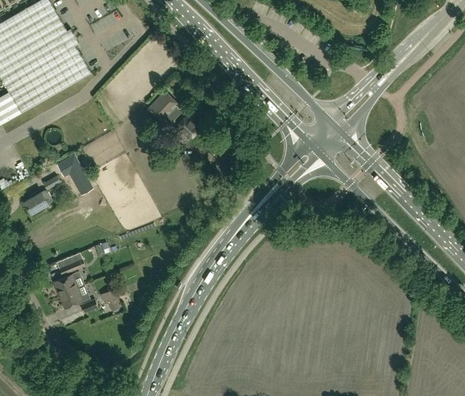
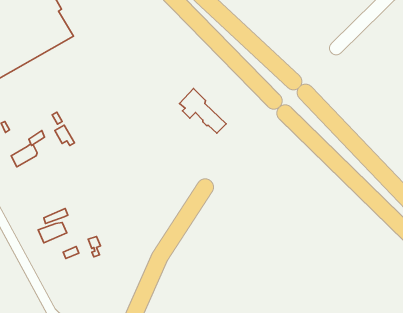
building: [149,91,199,139] -> [180,89,226,133]
building: [58,285,88,309] -> none

